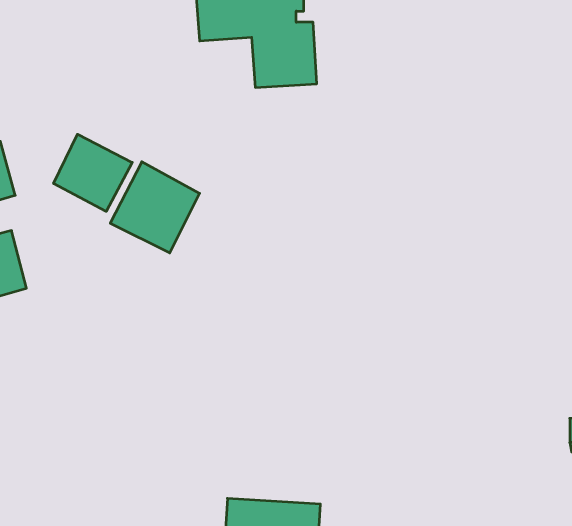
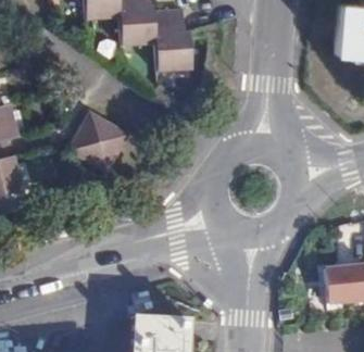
building: [54,134,132,211] -> none

